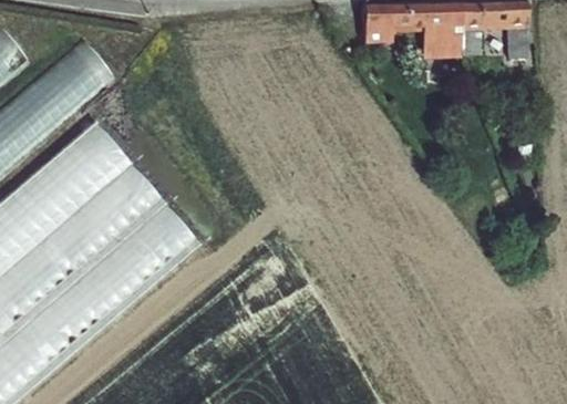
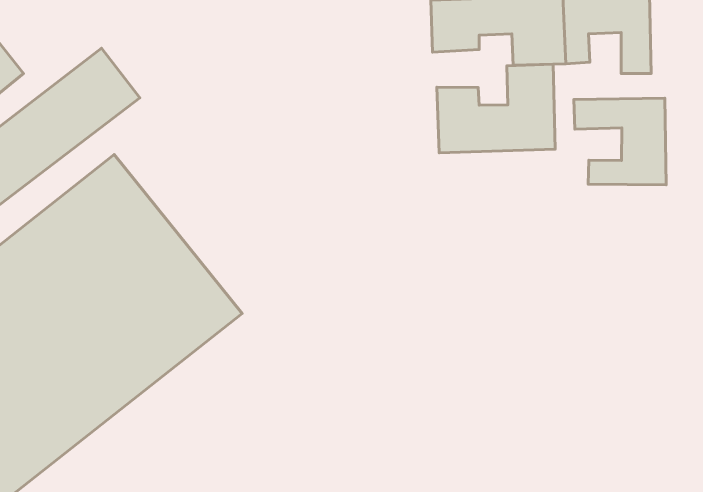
building: none -> [437,64,555,153]
building: none -> [574,98,666,185]

